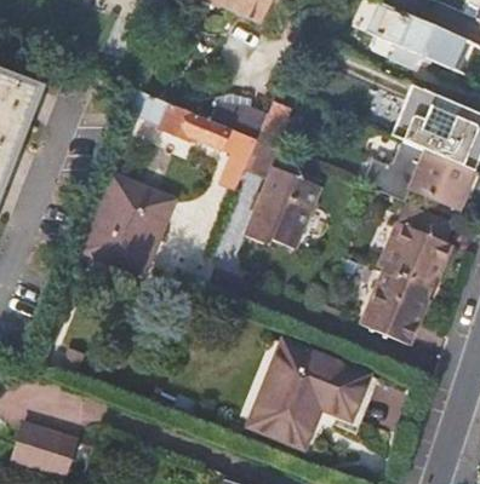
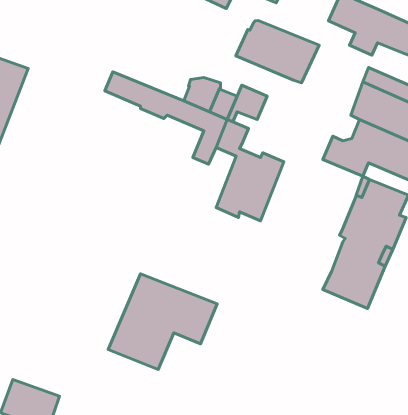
building: none -> [236,21,319,83]
building: [84,174,175,273] -> none
building: [248,342,367,446] -> [108,274,217,369]

